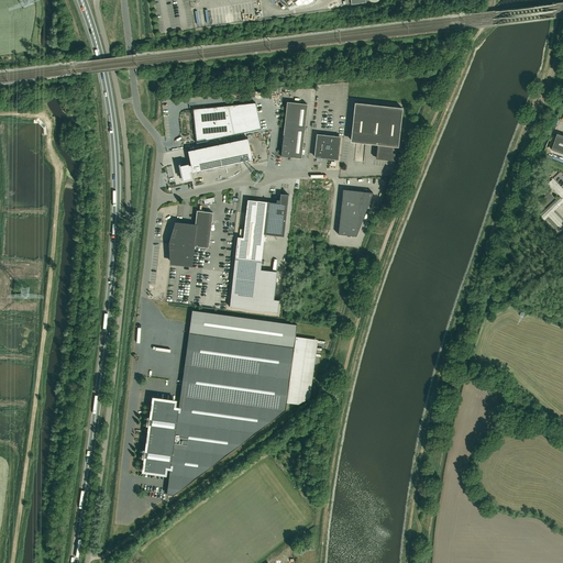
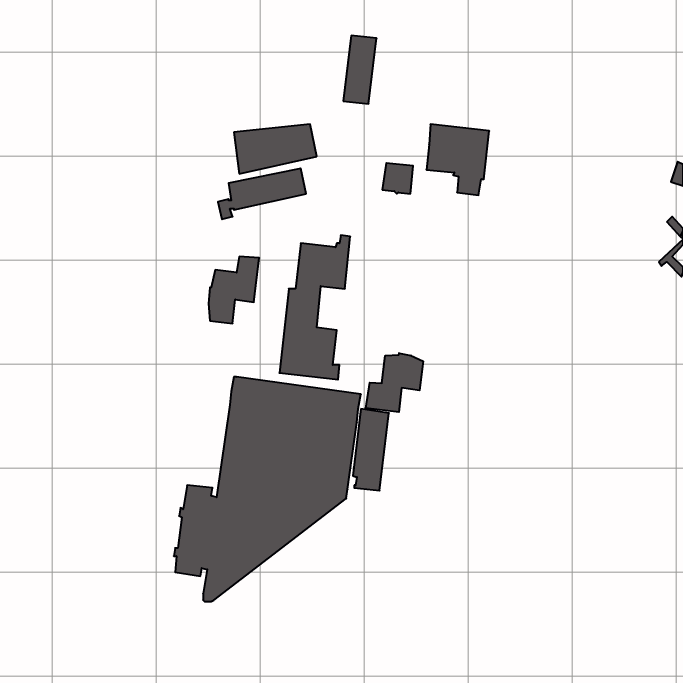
building: [280,102,308,158] -> [343,36,377,104]
building: [338,189,373,236] -> none
building: none -> [366,353,423,412]

